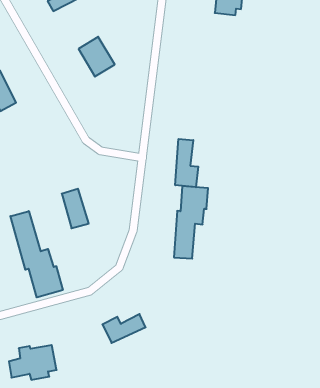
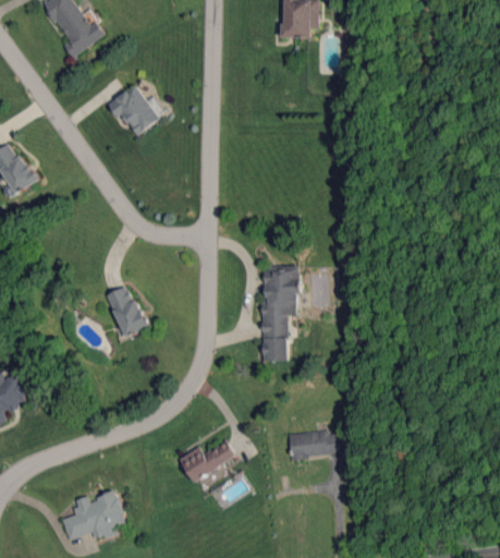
building: [175,139,198,187] -> none
building: [10,211,63,297] -> none
building: none -> [289,430,336,457]

